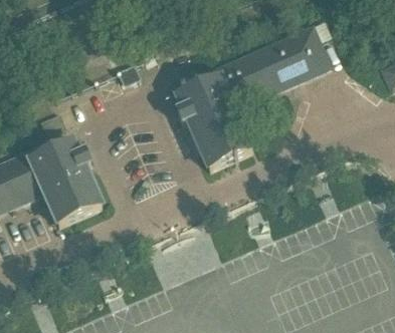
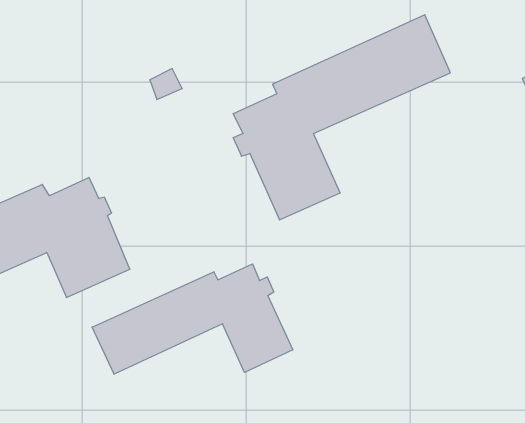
building: none -> [92,264,293,374]

